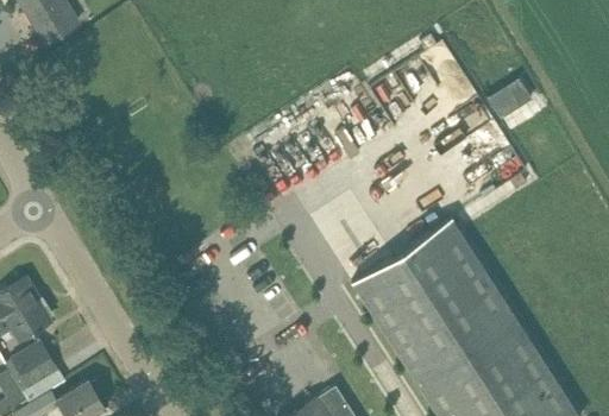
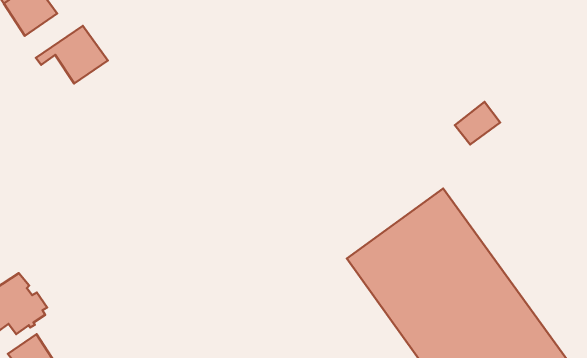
building: none -> [36,26,108,83]
building: [486,78,532,120] -> [455,102,500,145]

